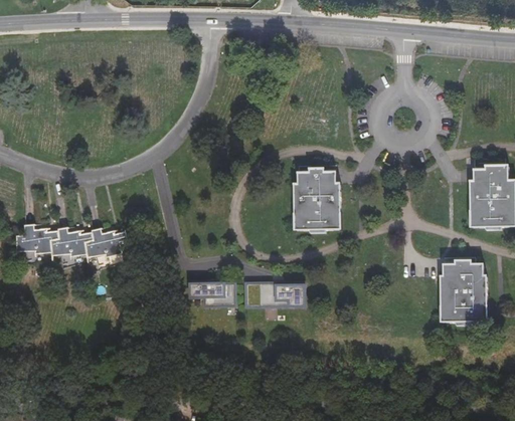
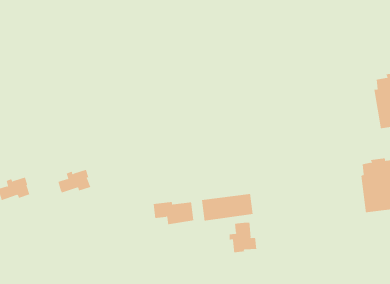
building: [292,168,338,229] -> none
building: [54,231,92,255] -> none
building: none -> [229,222,257,253]

